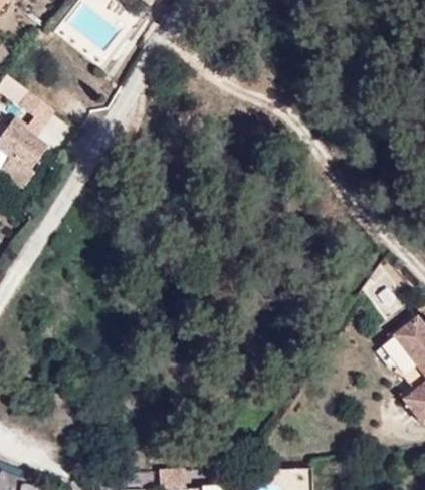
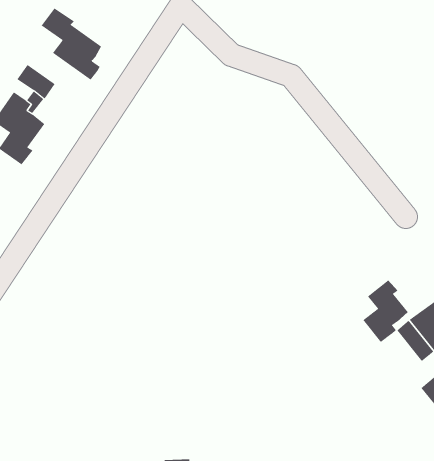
building: none -> [41,8,102,80]
building: none -> [362,280,408,343]

